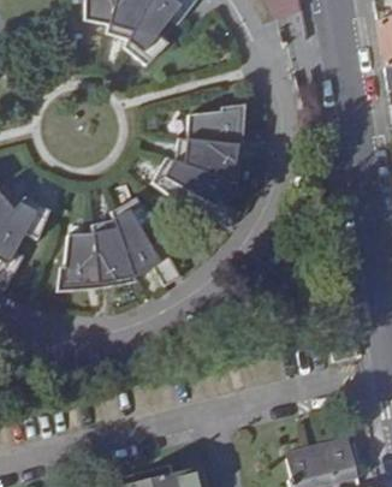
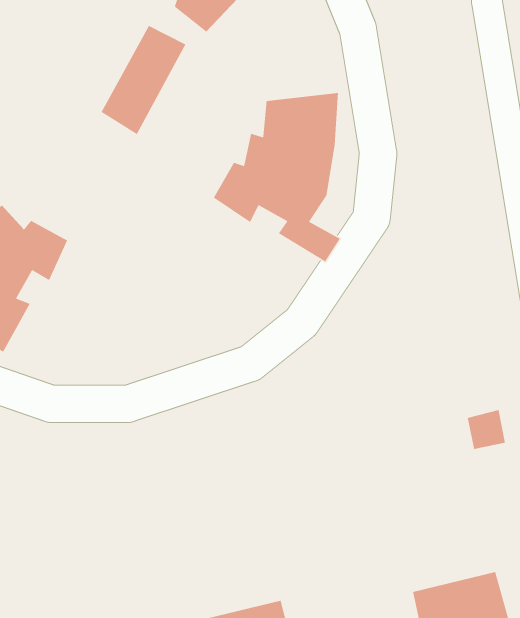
building: none -> [100,25,186,135]
building: [60,196,182,286] -> none

